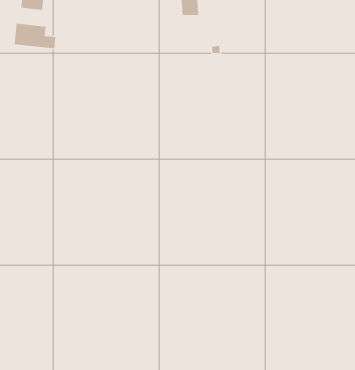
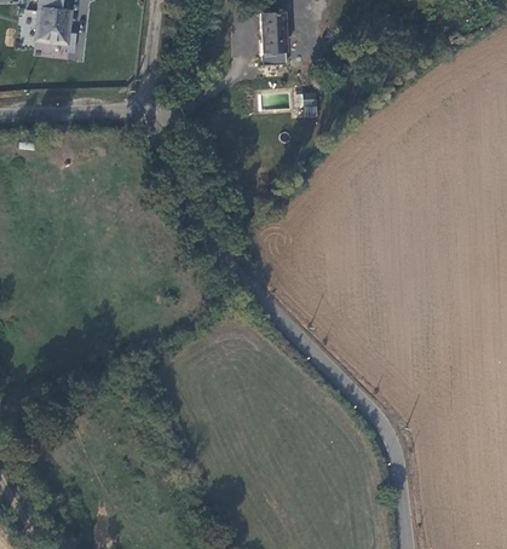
building: [14,23,56,49] -> none

